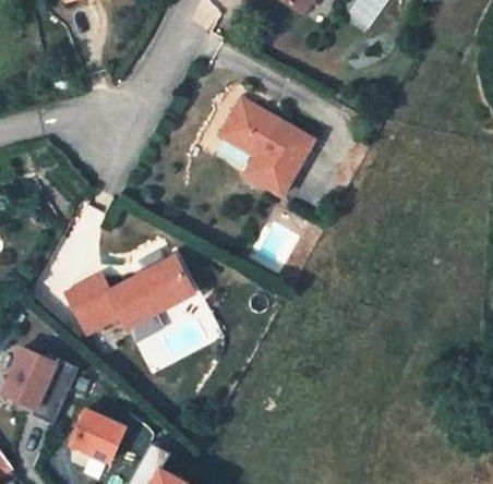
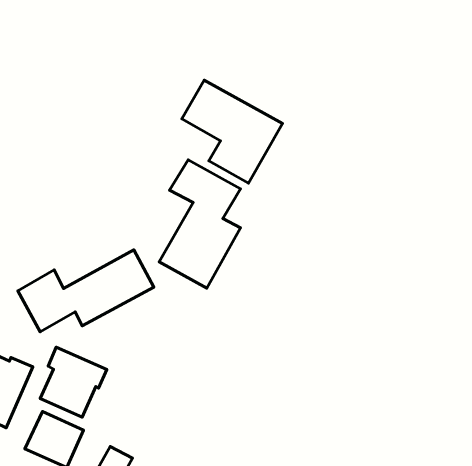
building: none -> [159,160,240,288]
building: none -> [40,347,107,417]

